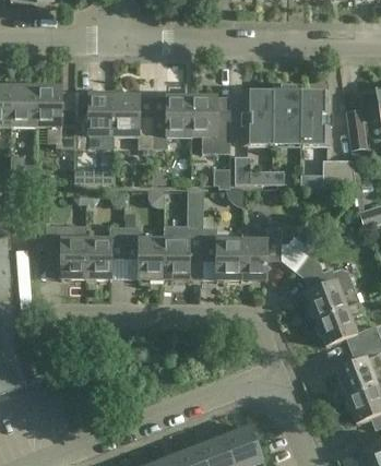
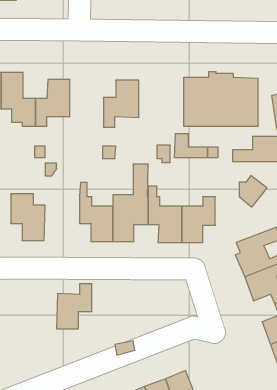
building: [115,93,153,147] -> none
building: [193,94,230,152] -> none
building: [85,226,126,277] -> [57,284,92,329]
building: [281,235,312,271] -> [239,176,267,207]

